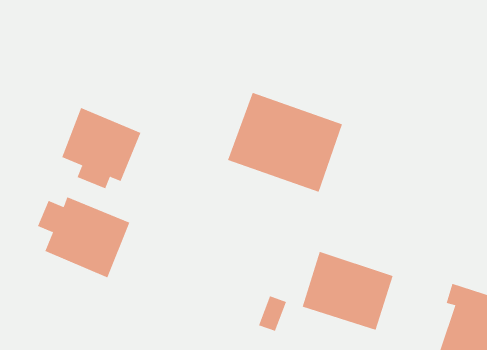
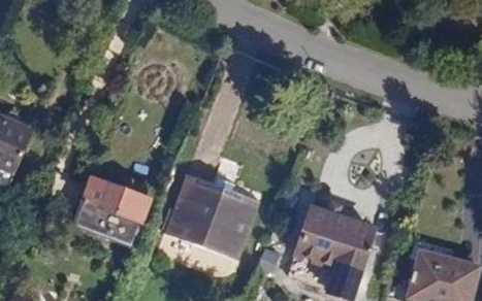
building: [227,92,343,193] -> [165,176,261,260]
building: [62,107,141,189] -> none

